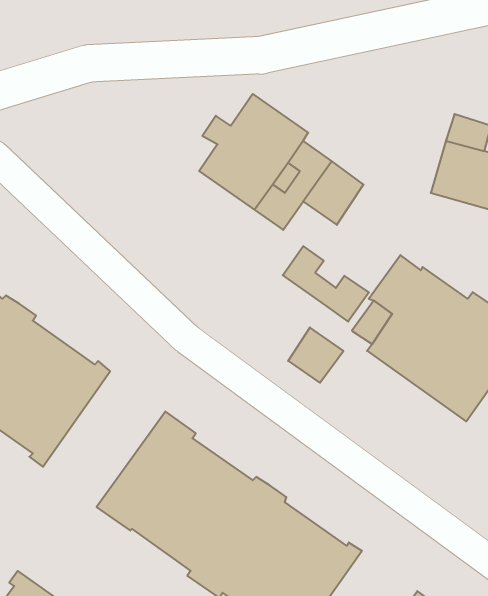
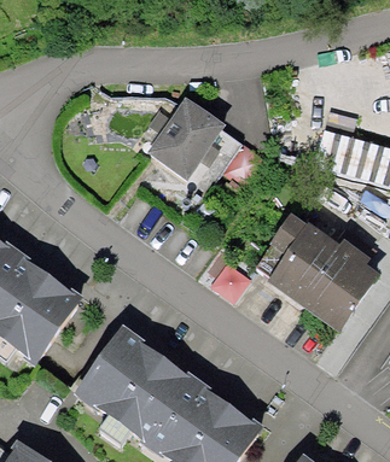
building: [283,246,369,322] -> none

